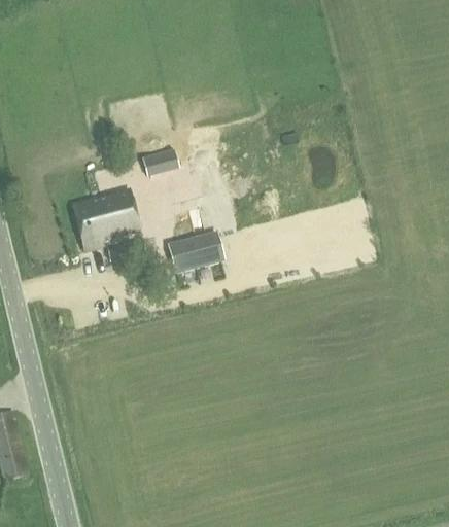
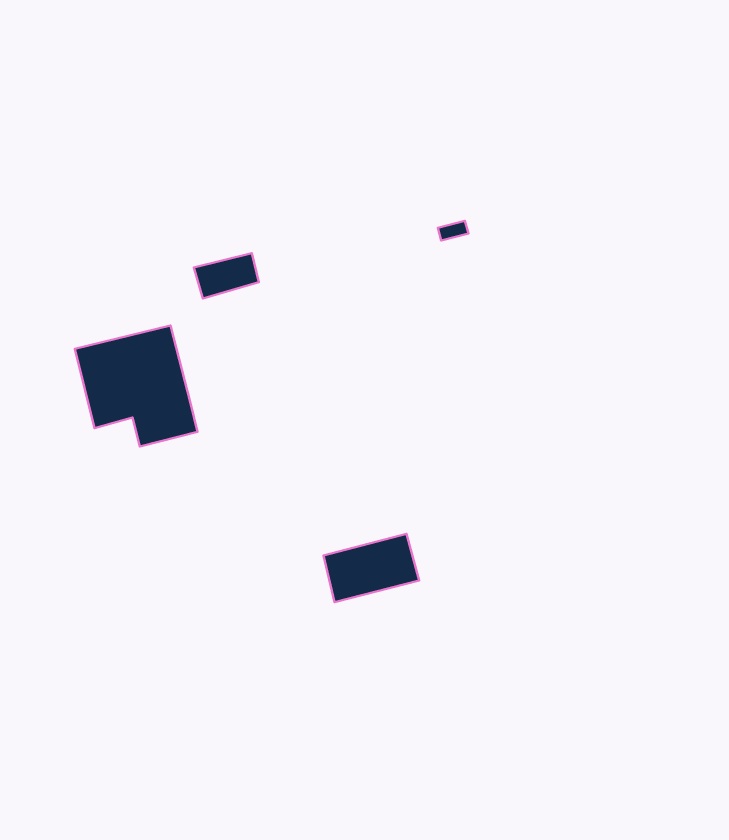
building: [168,232,222,271] -> [324,534,419,602]

